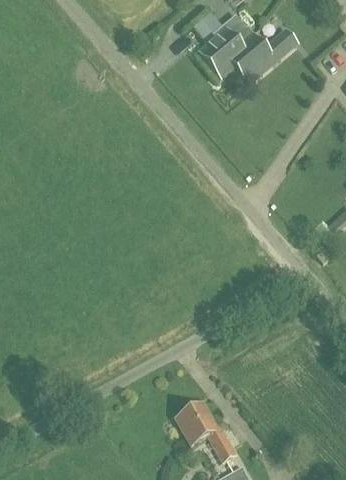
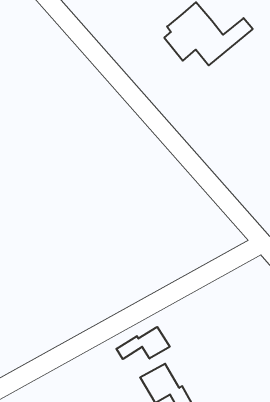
building: none -> [116,327,170,359]

